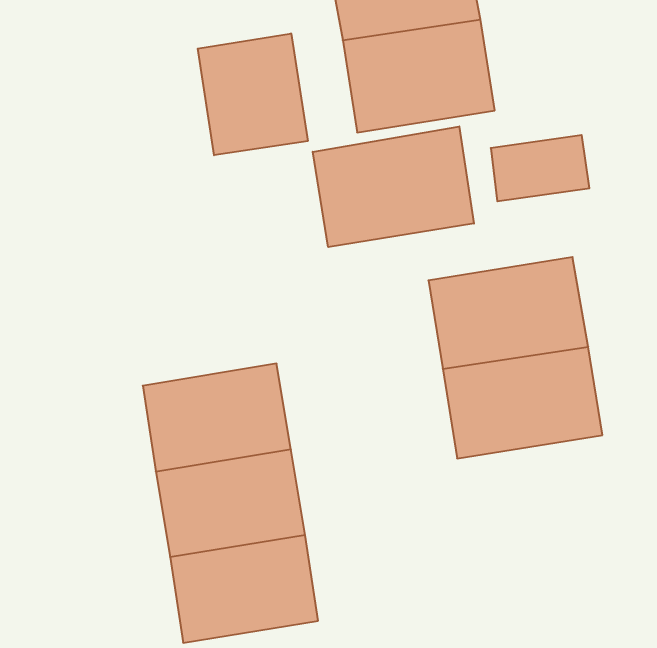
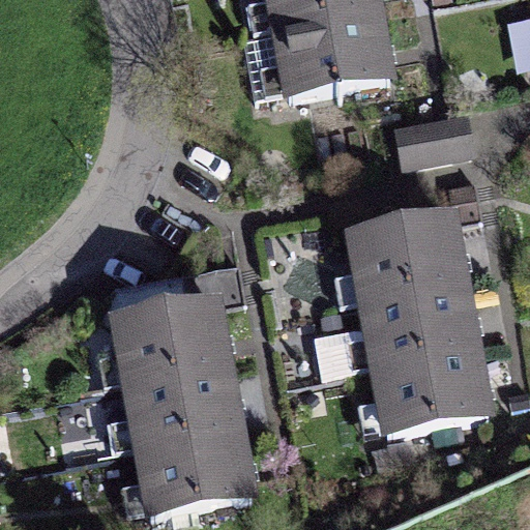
building: [198,33,308,155] -> none
building: [313,126,474,247] -> none
building: none -> [364,347,492,436]

